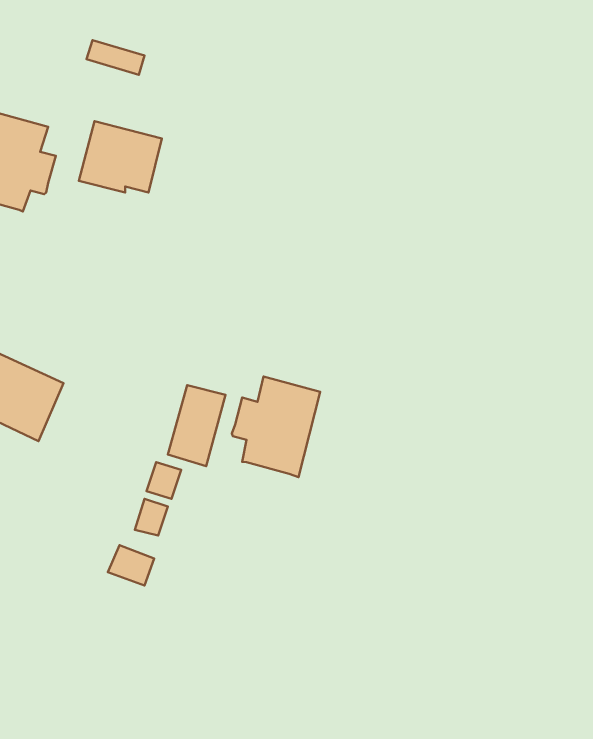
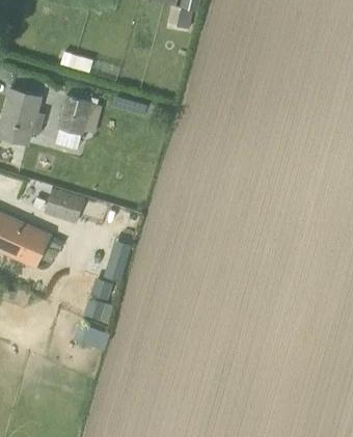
building: none -> [45,189,93,222]
building: [232,377,320,477] -> none

